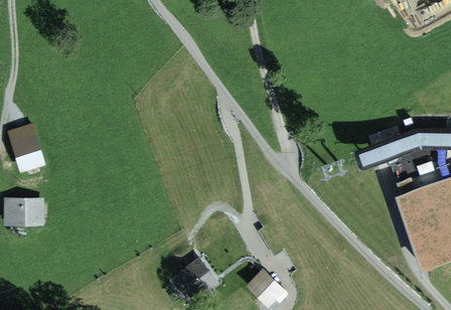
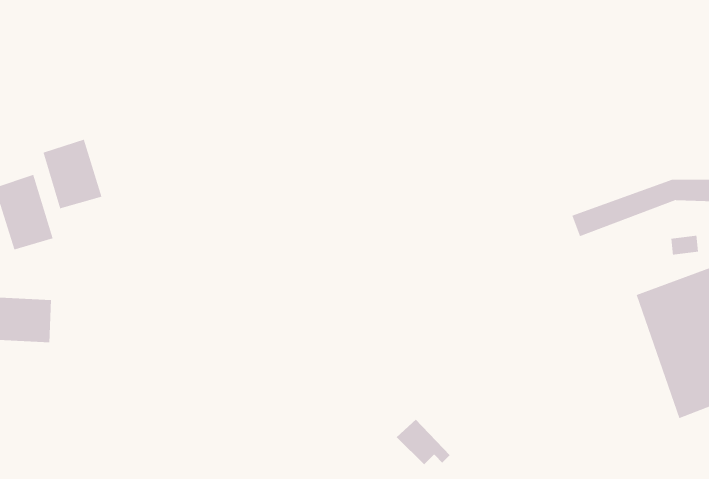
building: none -> [43,139,102,209]
building: [182,261,215,294] -> none

